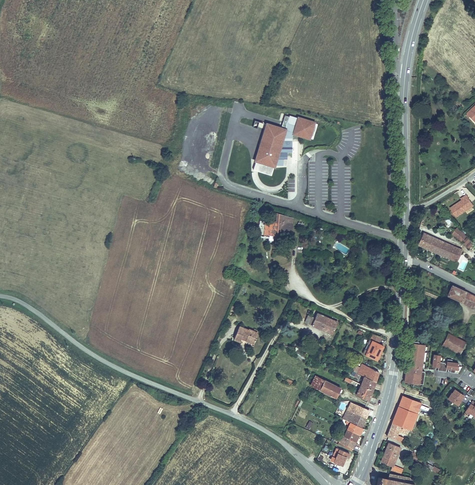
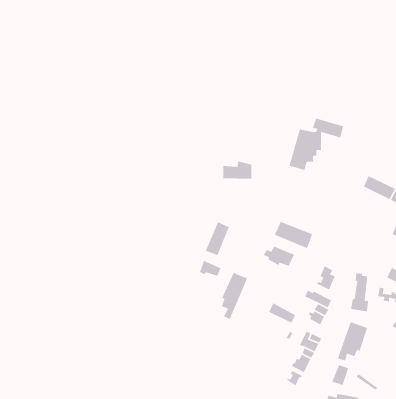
building: [253,117,315,176] -> [288,118,344,171]
building: none -> [274,221,313,249]
building: none -> [205,221,230,256]
building: none -> [221,272,248,320]

